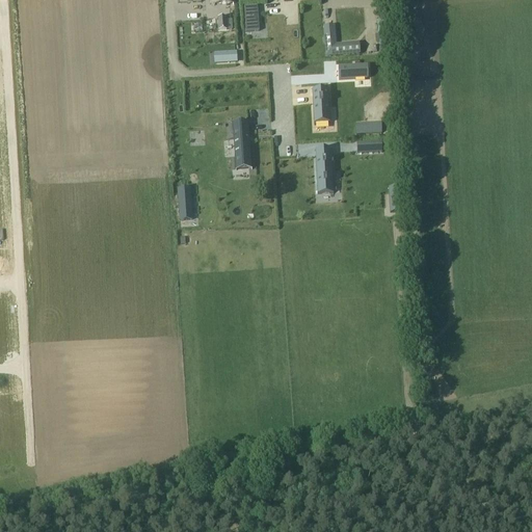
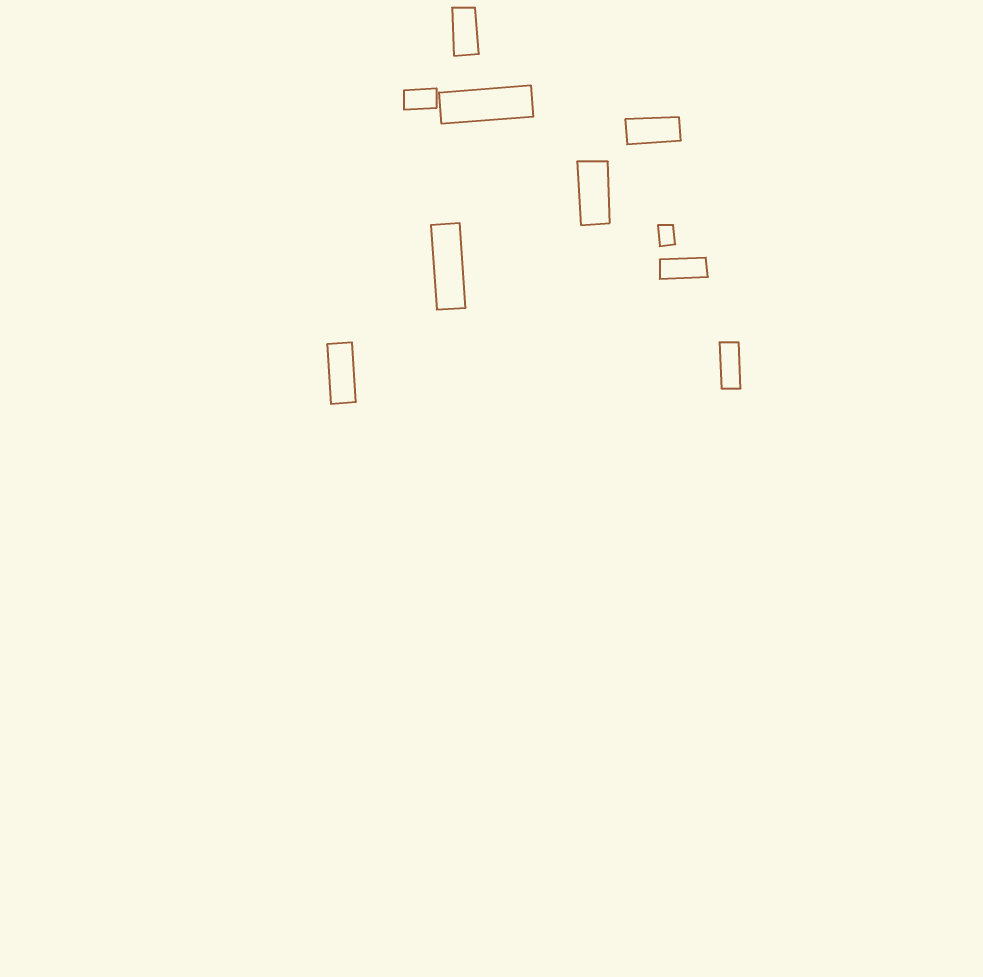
building: none -> [439,85,533,124]
building: [315,147,334,192] -> none

